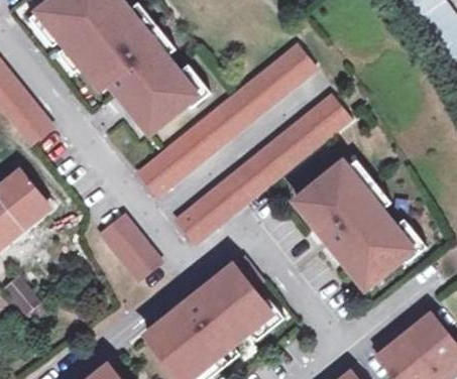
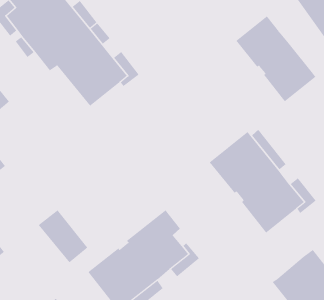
building: none -> [235,16,316,102]
building: [136,44,315,197] -> none
building: [175,95,349,243] -> none
building: [99,215,160,280] -> [38,210,88,263]

